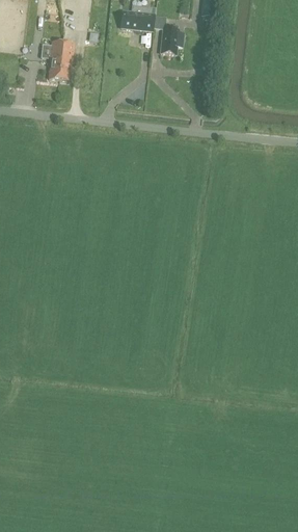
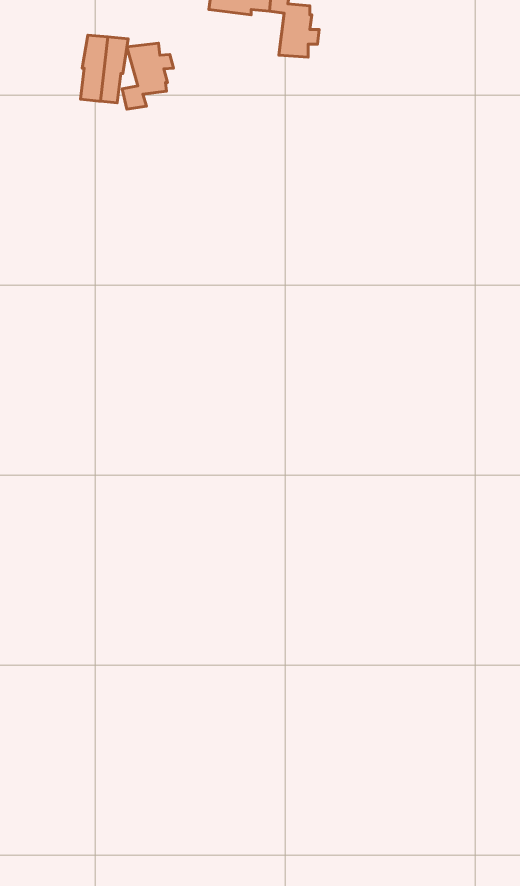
building: none -> [122,43,174,109]

